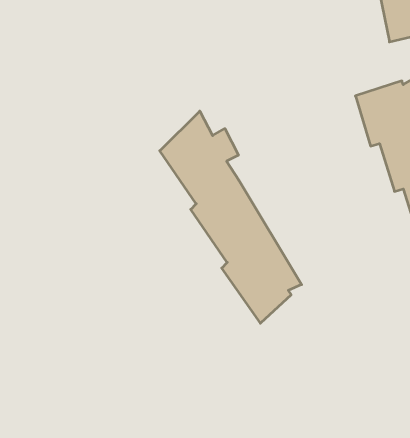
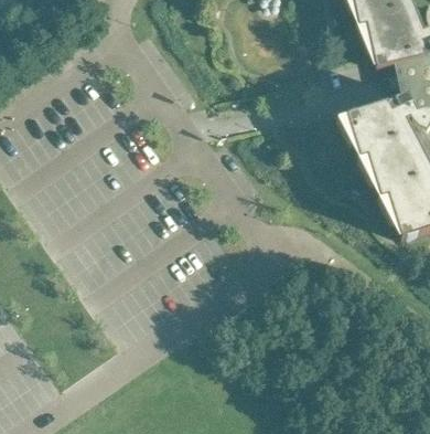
building: [160,111,302,323] -> none

